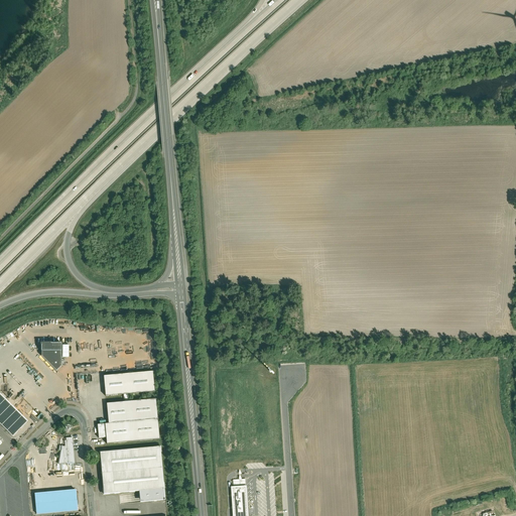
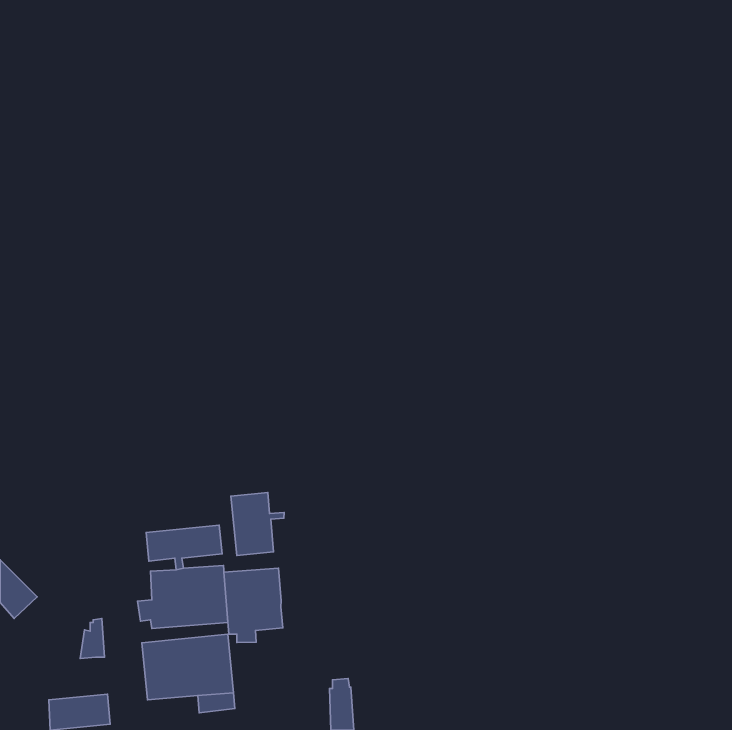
building: [43,342,63,370] -> none
building: none -> [231,493,284,555]
building: none -> [224,568,283,643]

